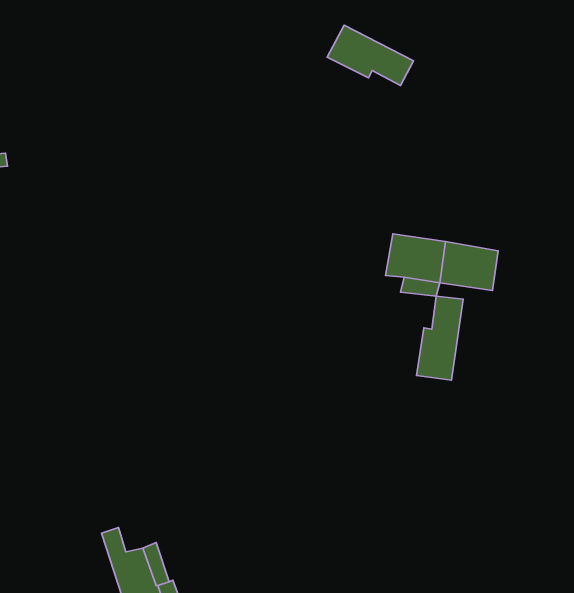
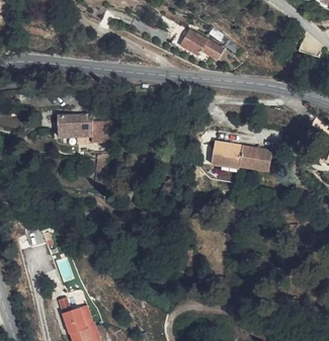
building: none -> [60,112,109,146]
building: [417,296,463,380] -> none

